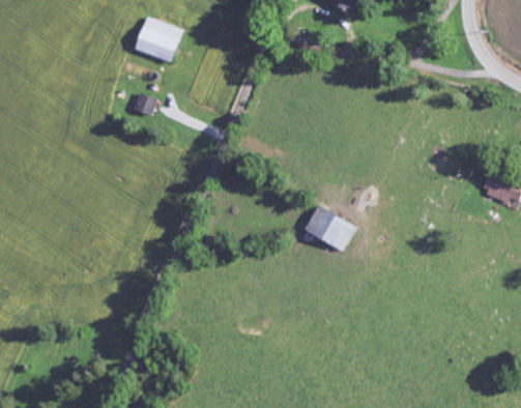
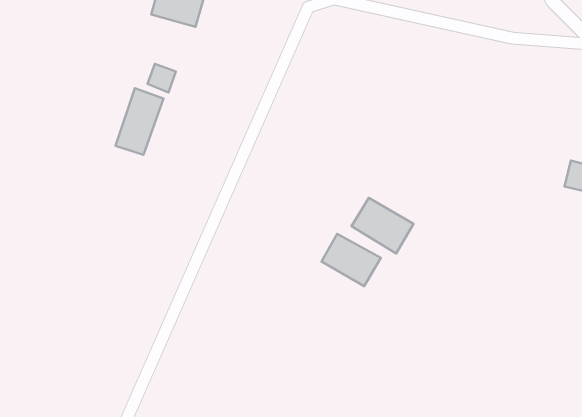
building: none -> [116,88,164,155]
building: none -> [322,234,381,286]

